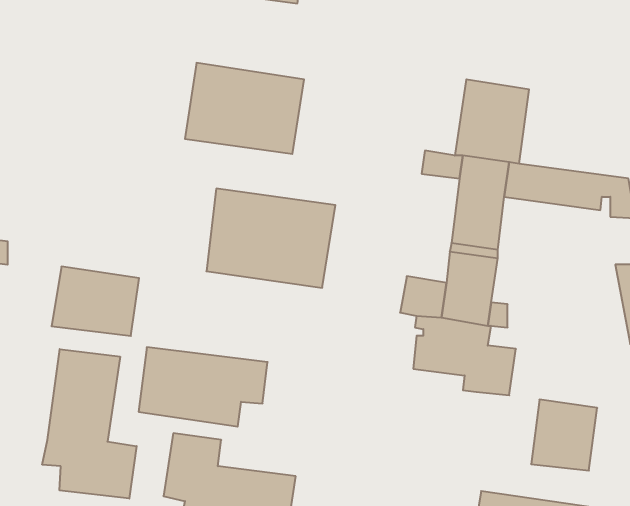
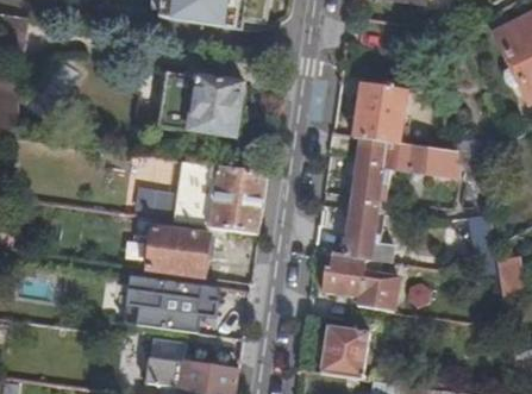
building: [51,267,139,336] -> [146,225,209,275]
building: [42,349,137,499] -> none
building: [531,400,597,471] -> [320,325,368,376]

